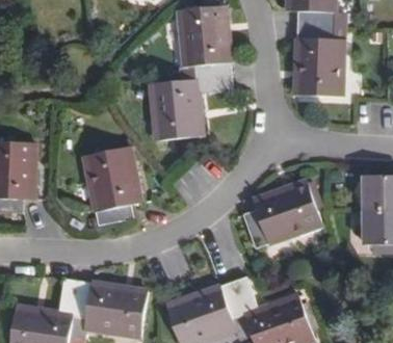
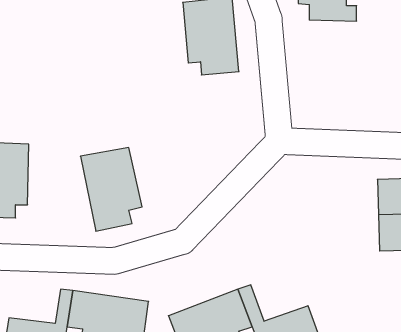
building: [296,26,343,96] -> none
building: [150,75,234,140] -> none
building: [242,183,322,249] -> none

